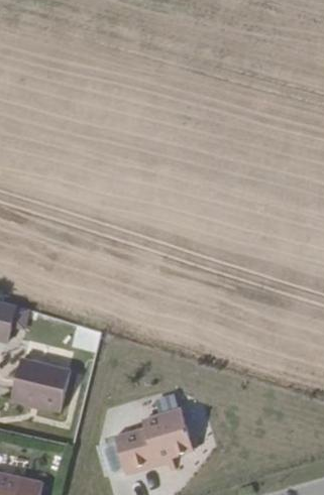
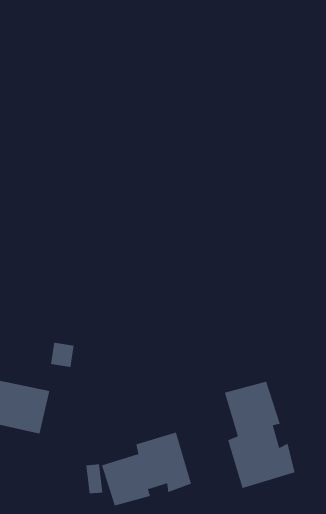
building: none -> [224,381,295,489]

